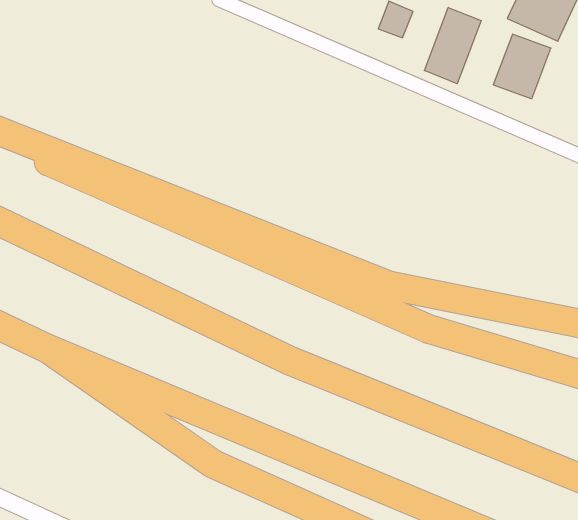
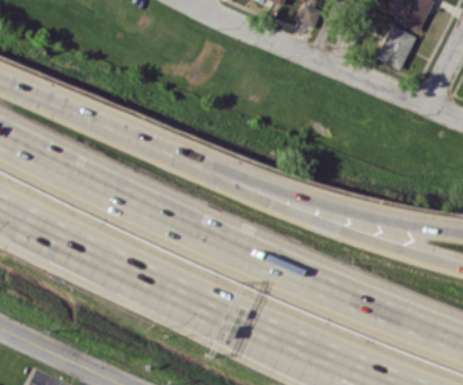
building: [424,7,481,84] -> none

